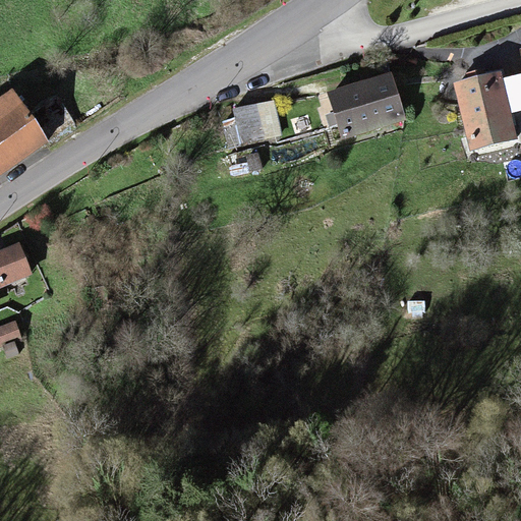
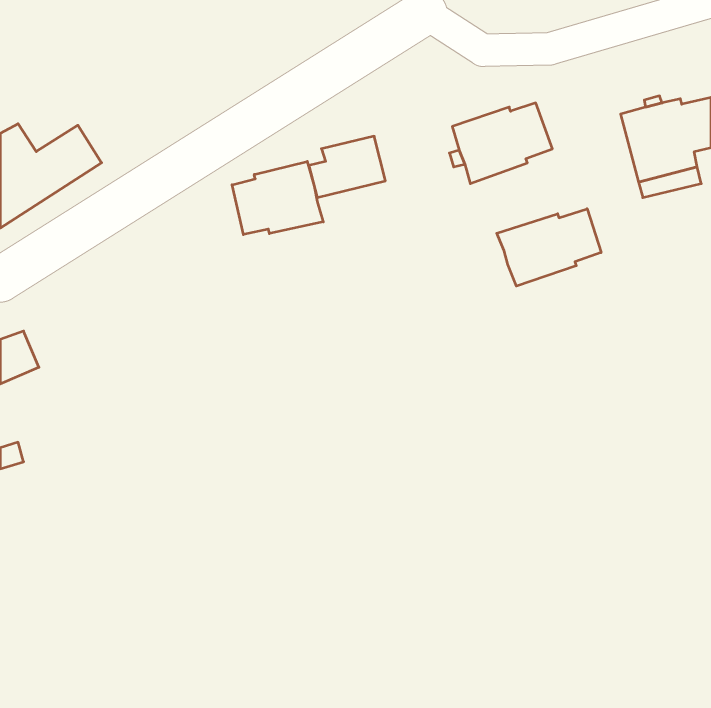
building: none -> [232,161,323,235]
building: none -> [497,209,601,286]

